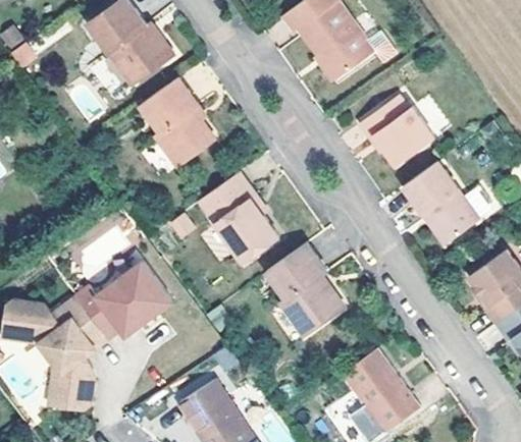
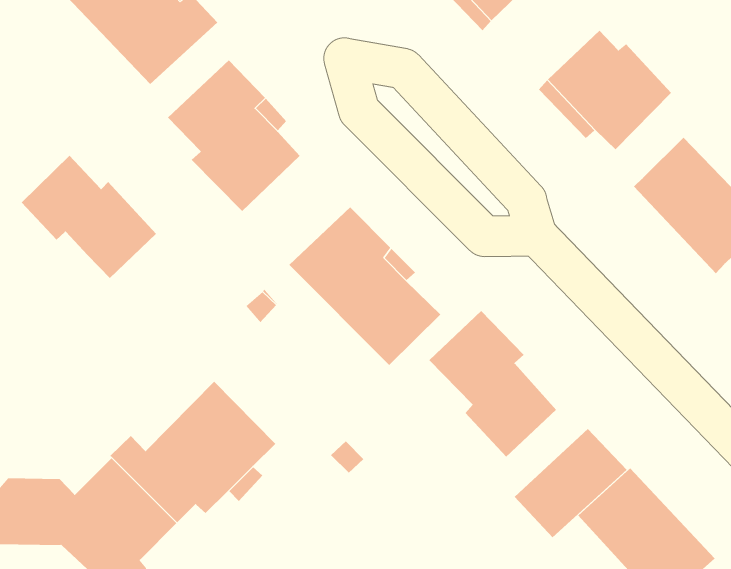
building: none -> [21,155,157,279]
building: none -> [514,428,628,538]

